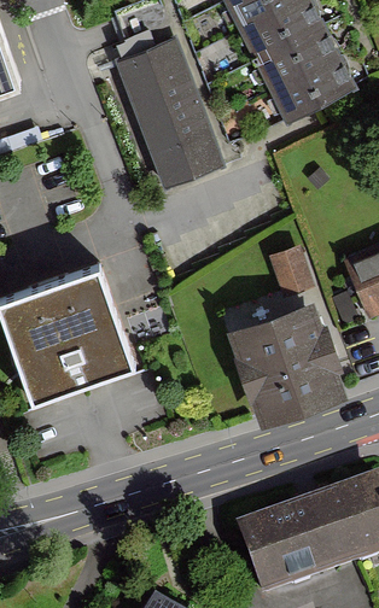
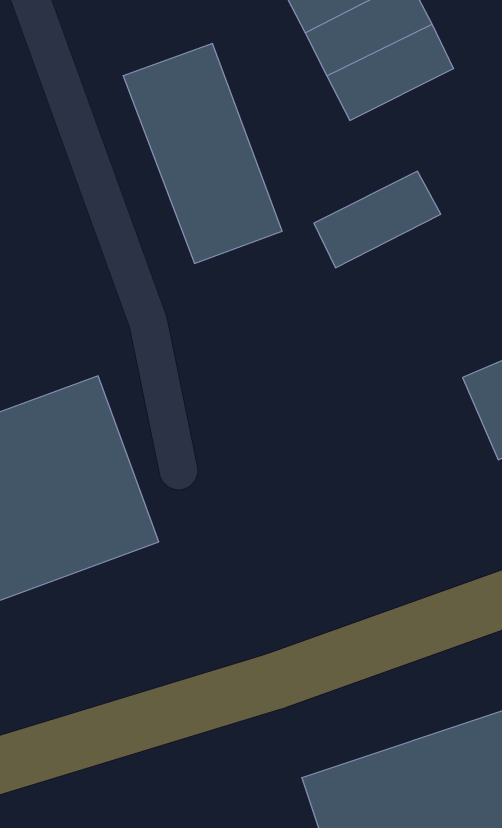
building: [269,52,355,117] -> [314,171,441,268]
building: [269,244,314,296] -> none
building: [225,294,344,415] -> none

